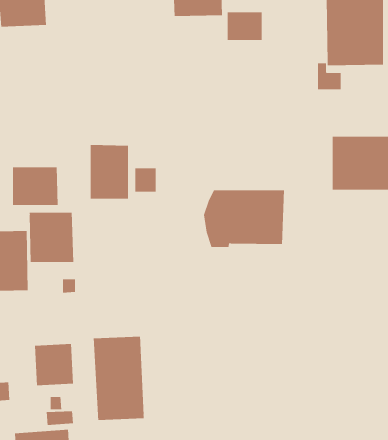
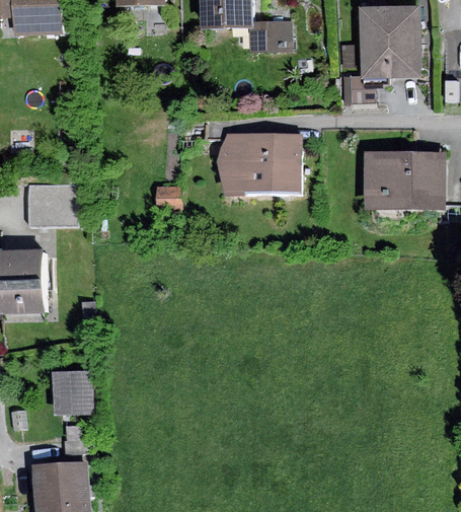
building: [90,144,128,199] -> none
building: [203,190,285,248] -> [216,134,302,195]
building: [29,212,74,263] -> none
building: [93,336,144,421] -> none

